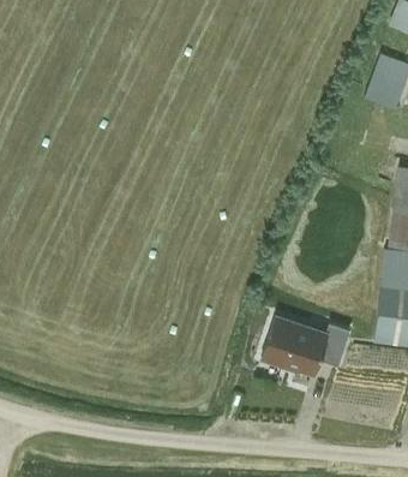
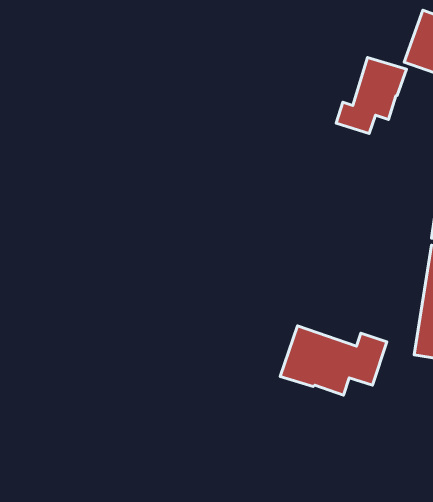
building: none -> [336,57,406,134]

